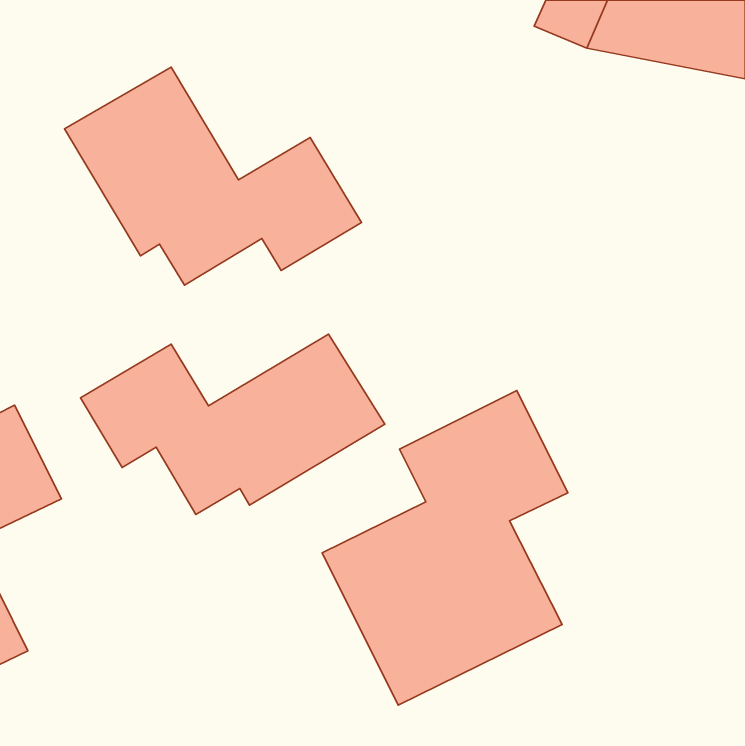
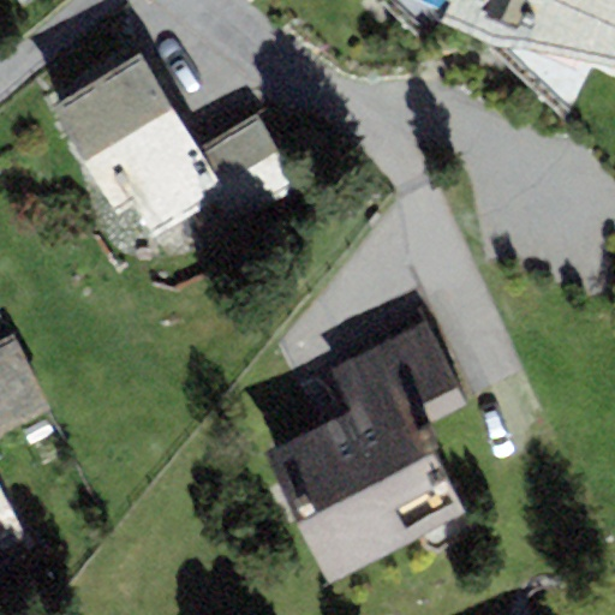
building: [81,334,385,514] -> none

